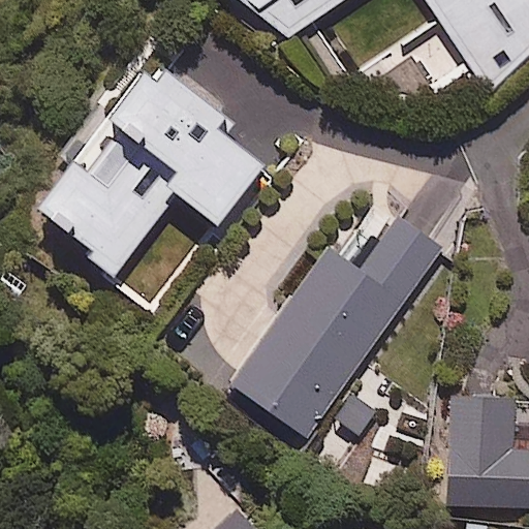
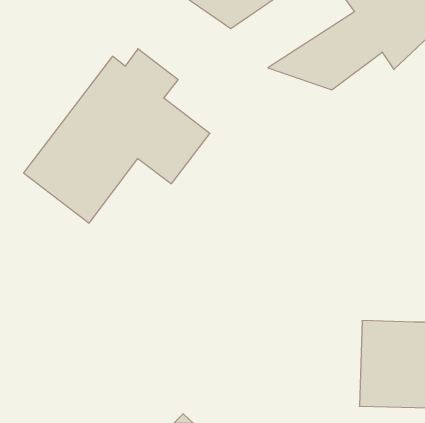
building: [231,216,442,436] -> none

